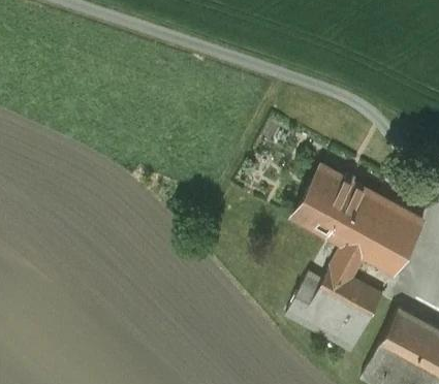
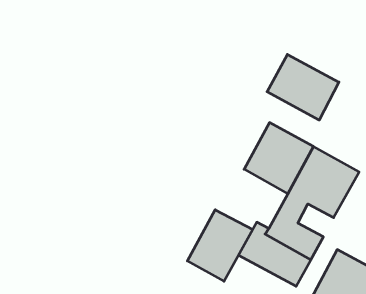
building: none -> [267,54,339,120]
building: none -> [187,210,253,281]

